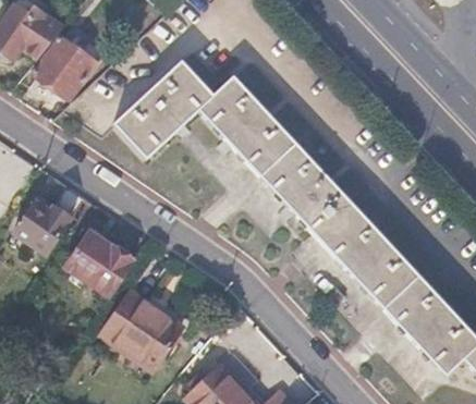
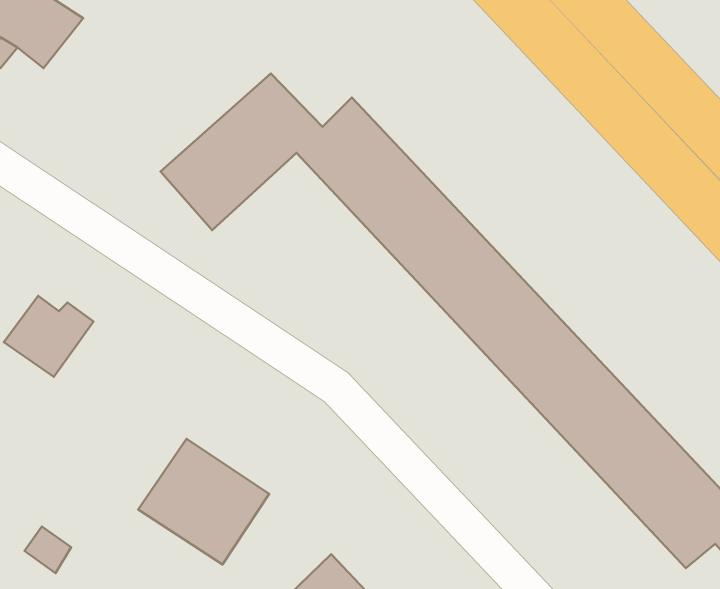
building: [34,36,98,98] -> none
building: [66,232,134,297] -> none

